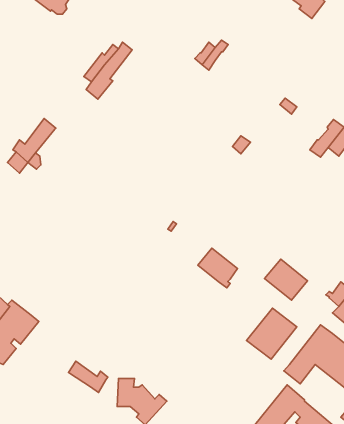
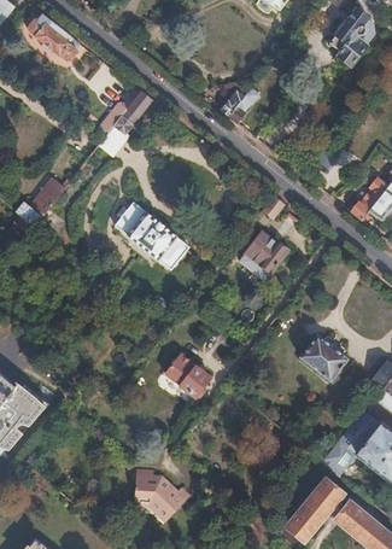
building: none -> [116,203,189,268]
building: none -> [240,230,287,271]
building: [198,248,238,288] -> [166,352,211,397]
building: [247,308,297,359] -> none
building: [68,361,108,392] -> none

